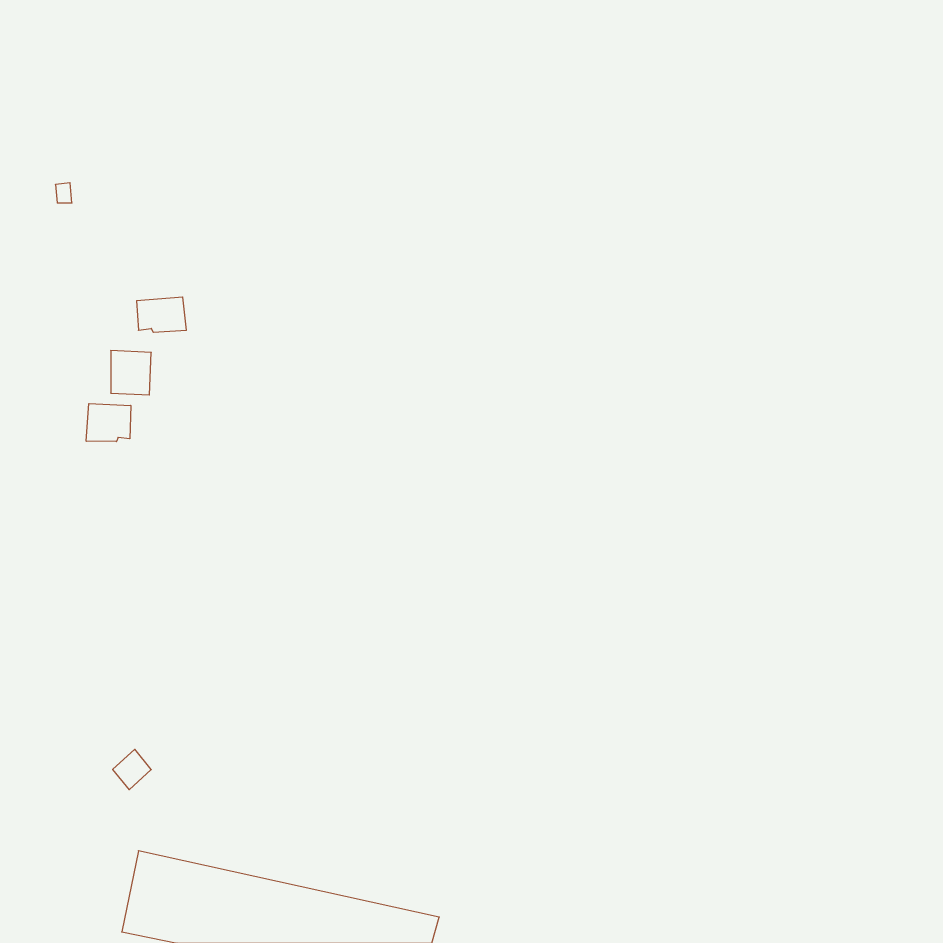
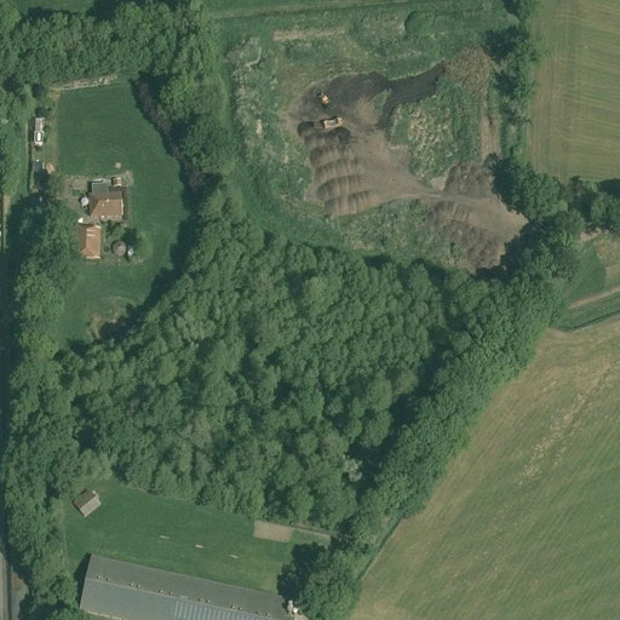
building: [86,404,131,442] -> none

